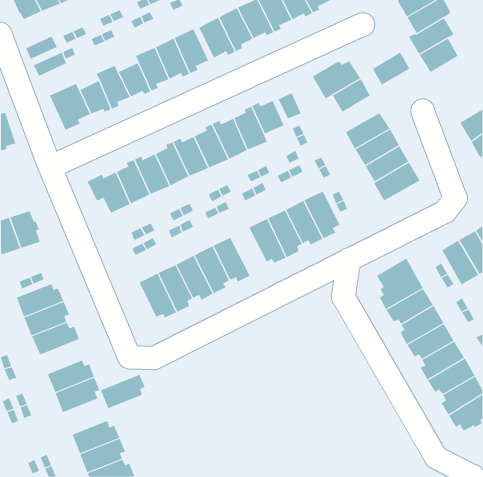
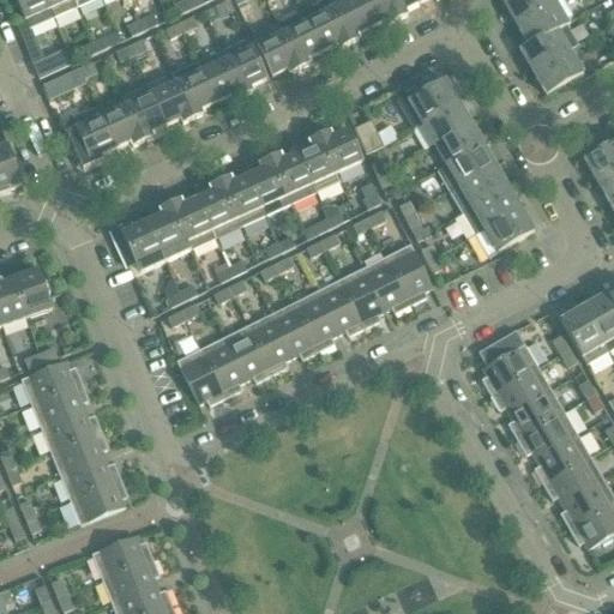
building: [372,52,410,85] -> [434,121,482,163]
building: none -> [293,289,338,350]
building: [100,374,146,409] -> [50,431,108,475]

